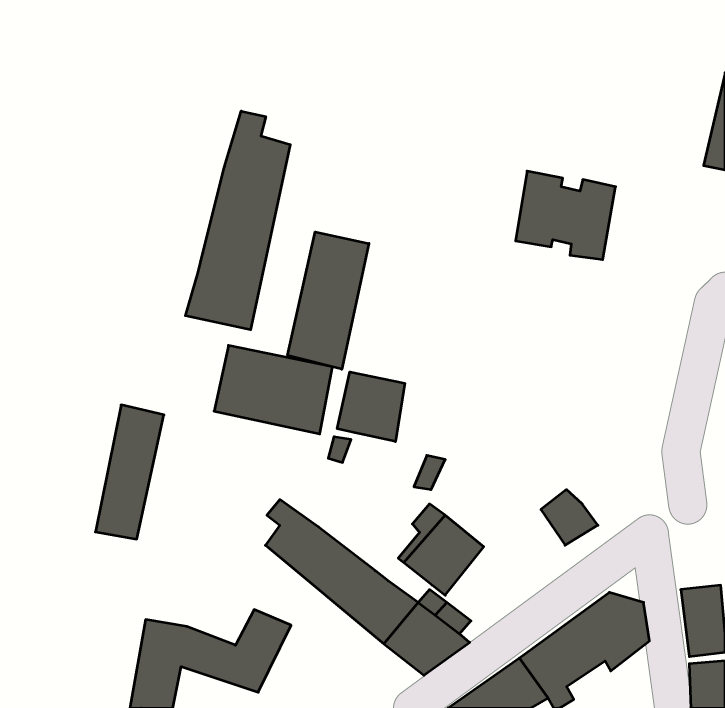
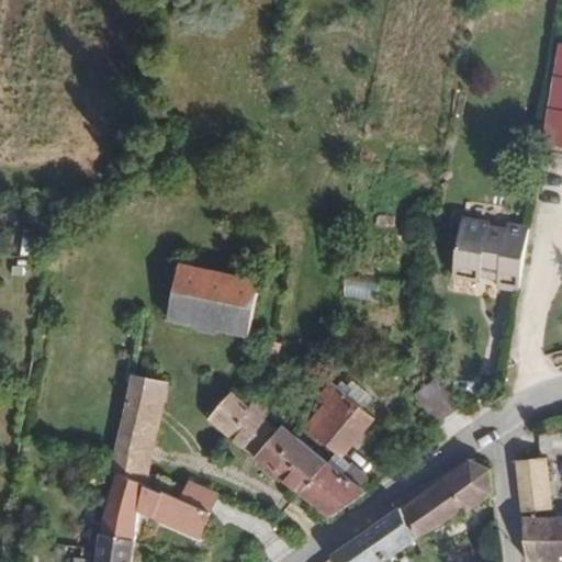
building: [185,111,290,330] -> none
building: [516,171,616,260] -> [451,225,528,293]
building: [288,232,369,369] -> none
building: [337,372,405,442] -> none
building: [95,405,164,539] -> [112,379,165,482]

